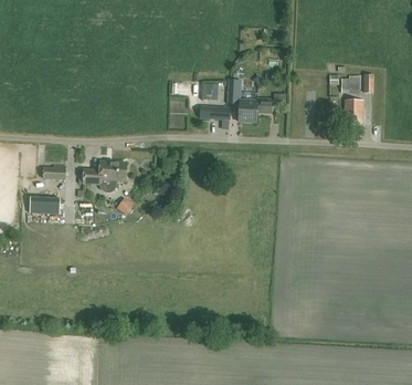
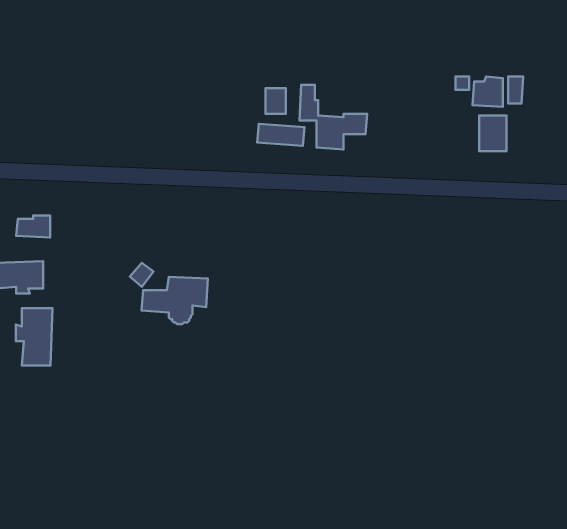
building: [83,162,126,192] -> [142,277,208,324]
building: none -> [16,308,53,366]

